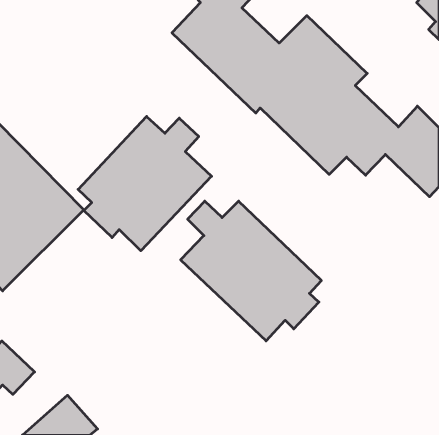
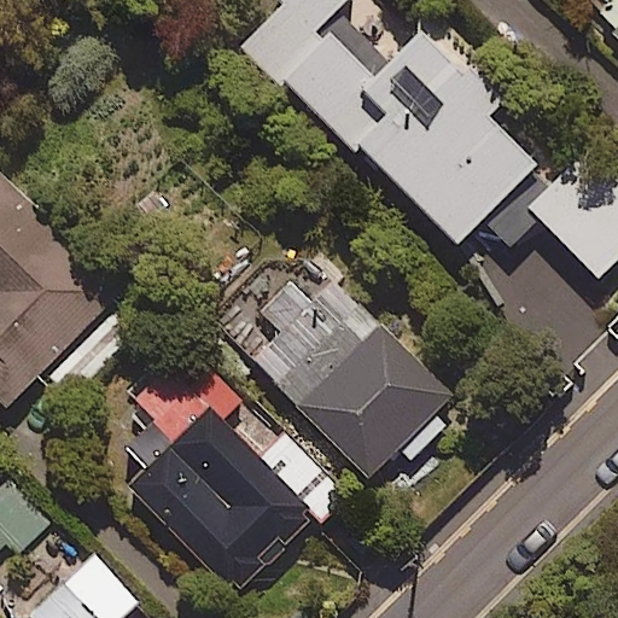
building: [78,116,212,251] -> none
building: none -> [129,366,345,600]

